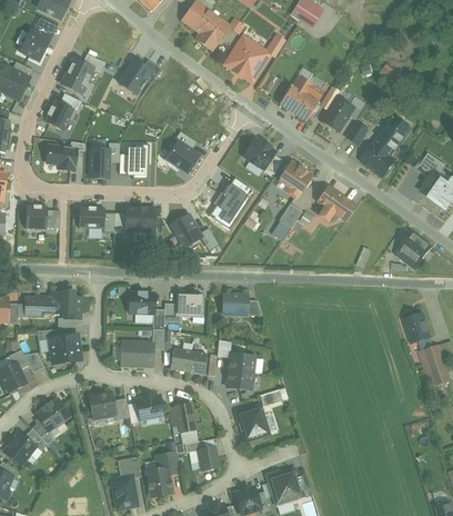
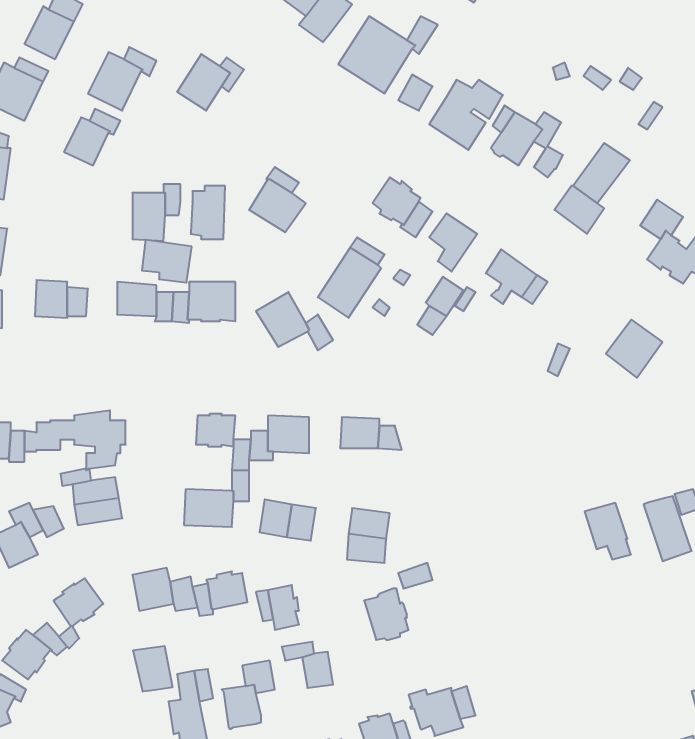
building: [44,143,77,171] -> [142,240,192,283]
building: [403,312,433,349] -> [585,503,631,559]
building: none -> [133,646,172,692]

